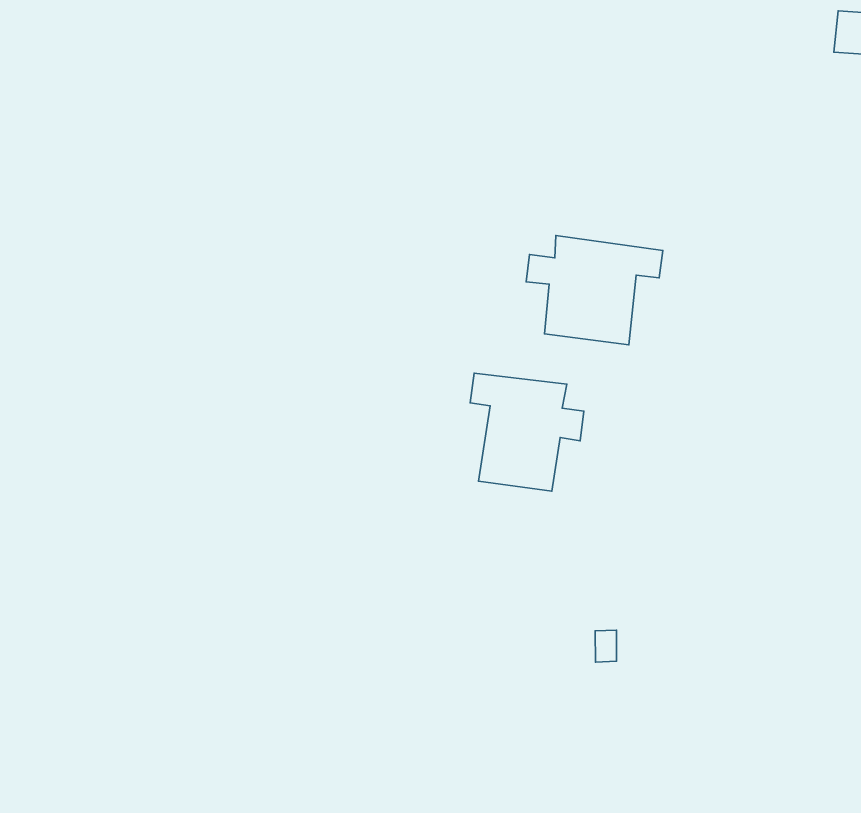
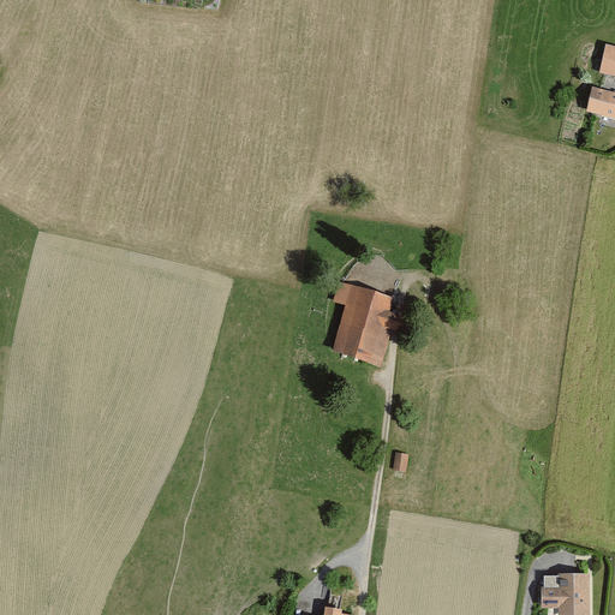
building: [526,236,663,345] -> none

